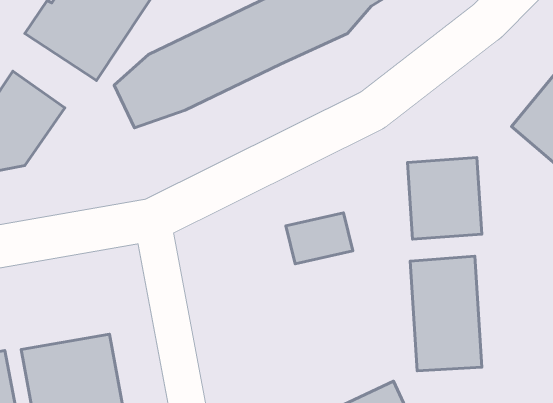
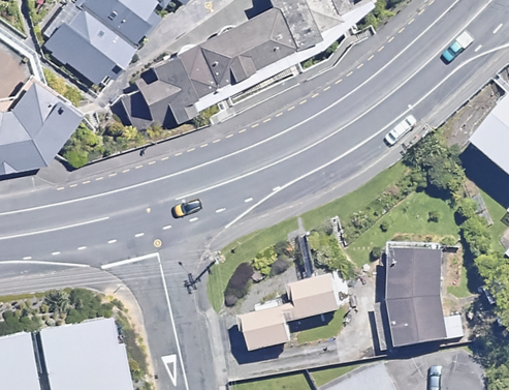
building: [408,157,482,239] -> none
building: [286,213,353,264] -> [279,272,338,317]
building: none -> [228,304,284,356]

